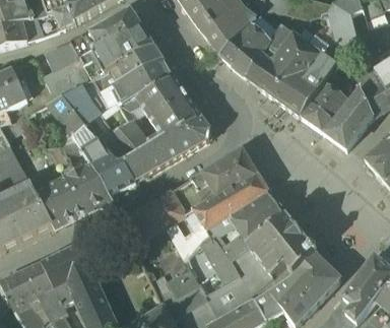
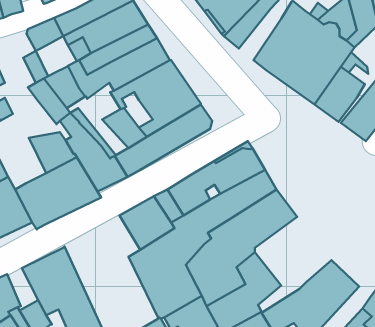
building: [235,31,272,77] -> none
building: [249,216,317,277] -> none
building: [29,262,57,300] -> none

